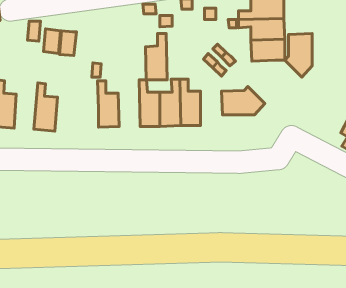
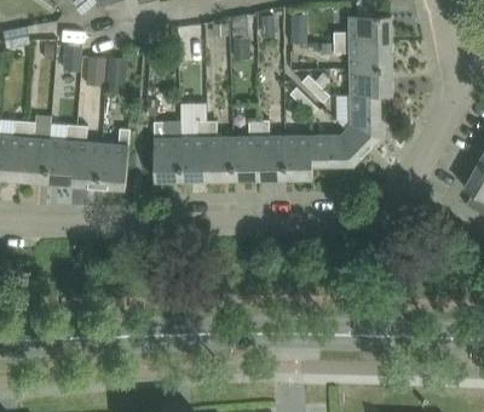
building: [145,34,167,80] -> [179,120,207,179]
building: [285,34,312,77] -> [345,95,380,150]
building: none -> [46,124,76,183]
building: none -> [98,127,129,188]
building: none -> [284,135,312,178]

